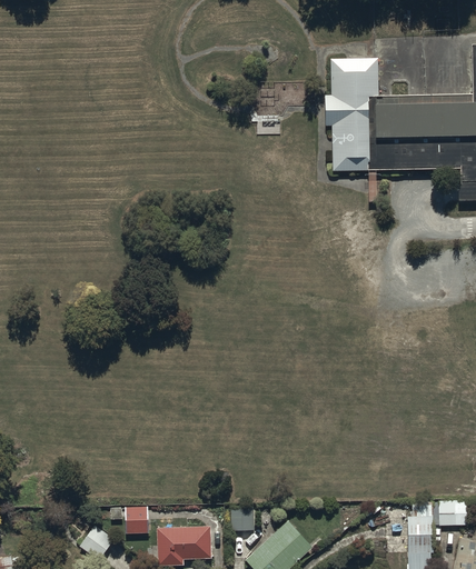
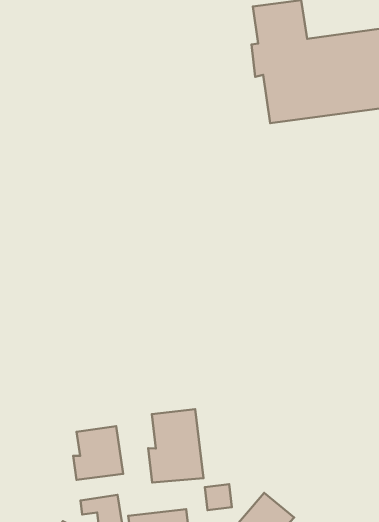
building: none -> [148,409,203,483]
building: none -> [73,426,123,480]

